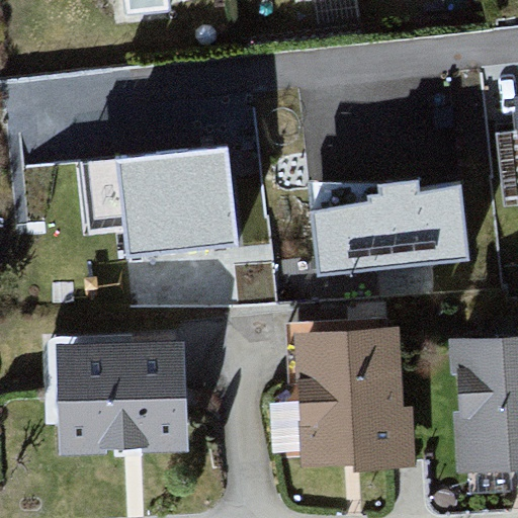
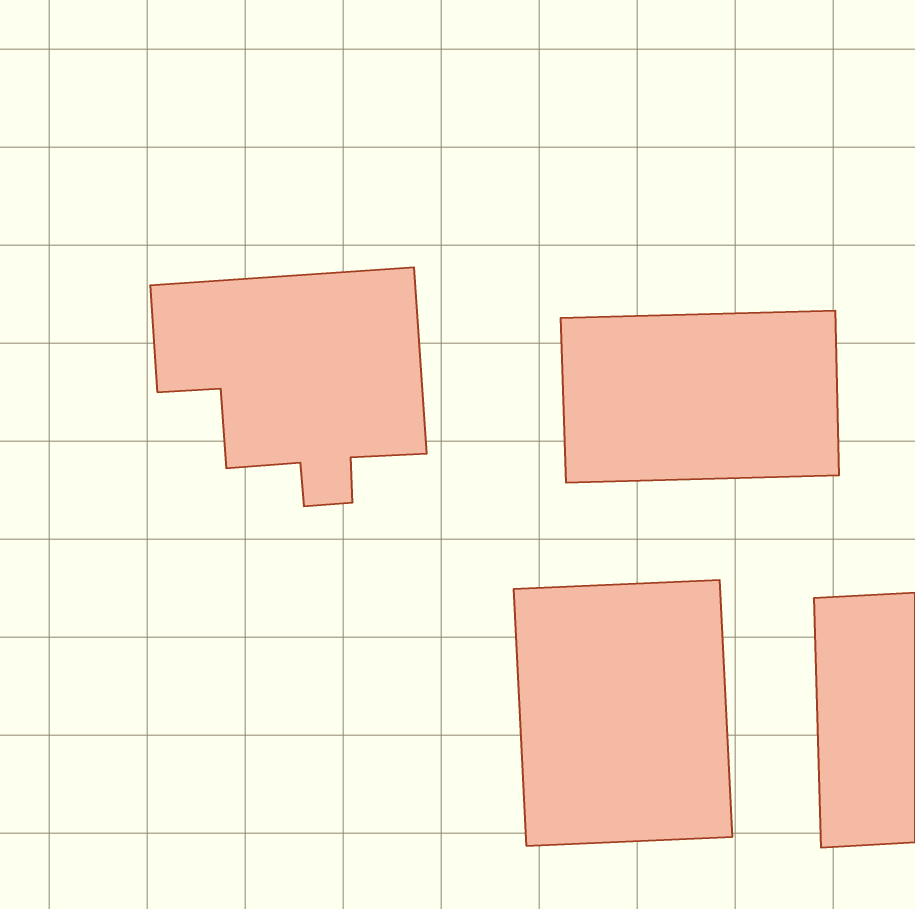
building: [57,334,187,458] -> none

